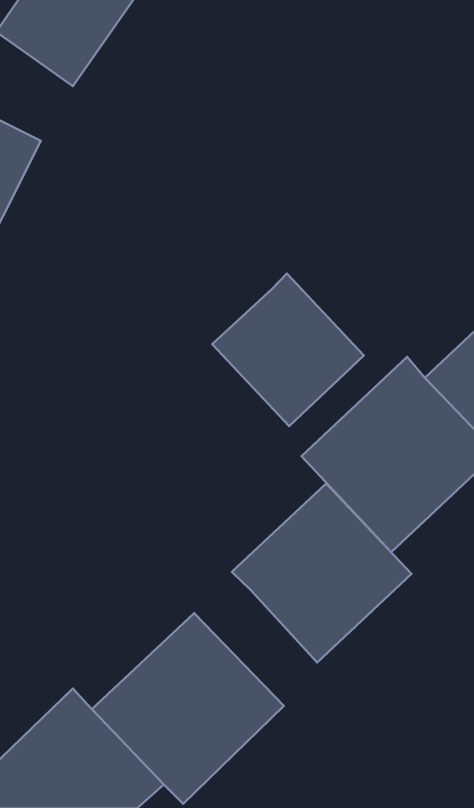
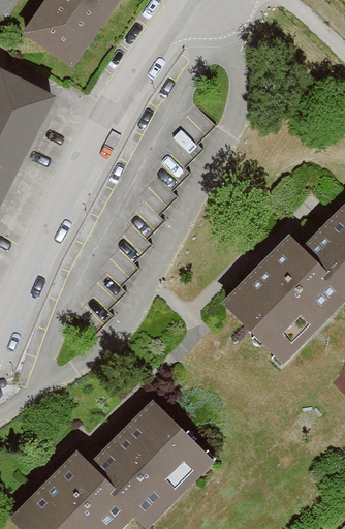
building: [212,274,364,426] -> none
building: [232,483,411,662] -> none

